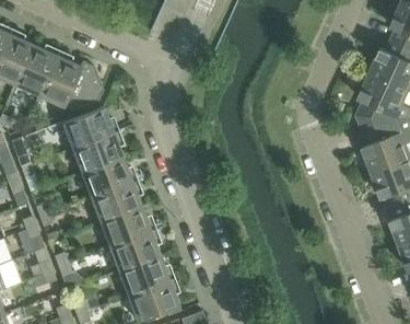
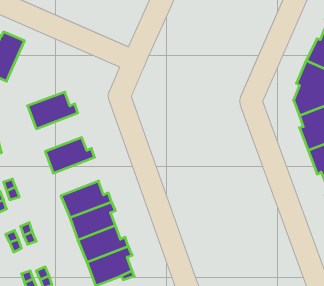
building: [39,49,103,109] -> none
building: [72,129,122,172] -> none
building: [91,178,141,221] -> none

